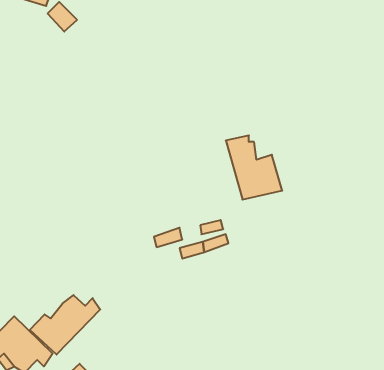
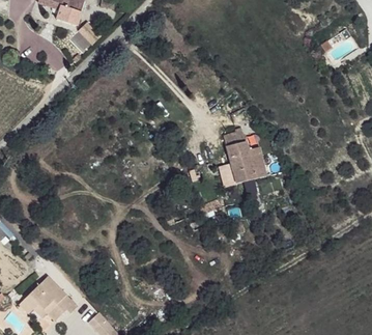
building: [30,295,100,355] -> none

